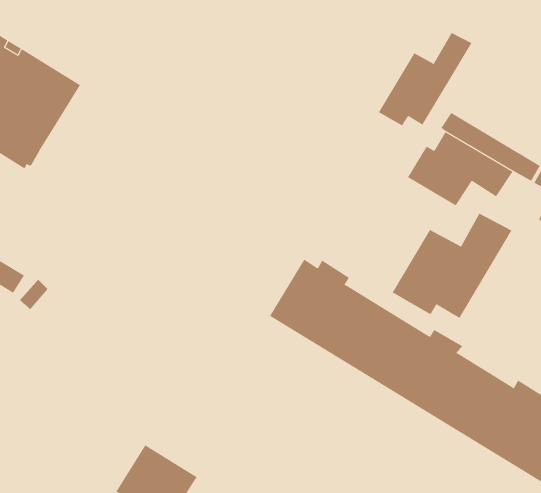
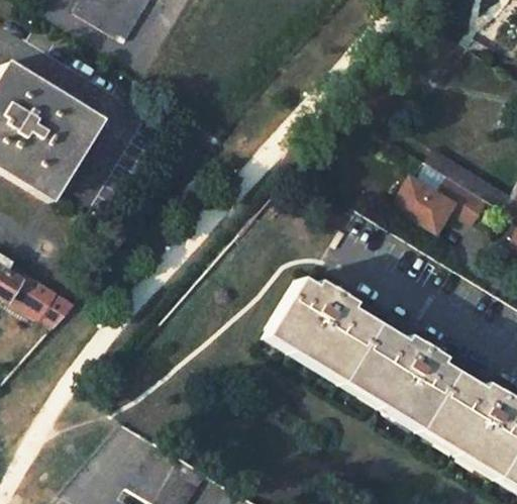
building: [378,32,472,126] -> none
building: [392,213,512,319] -> none

